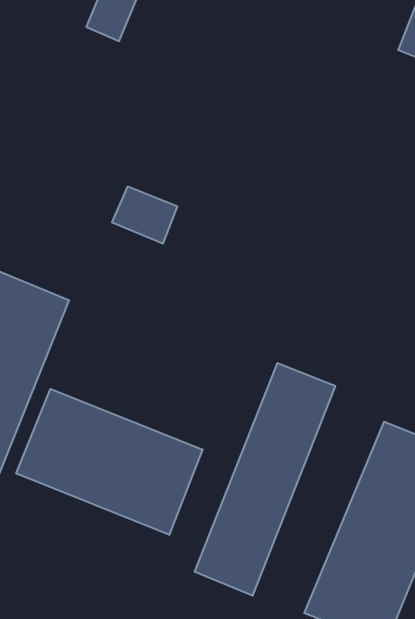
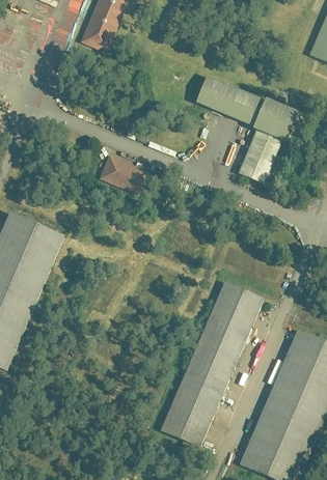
building: none -> [194,74,292,185]
building: [16,389,203,535] -> none

